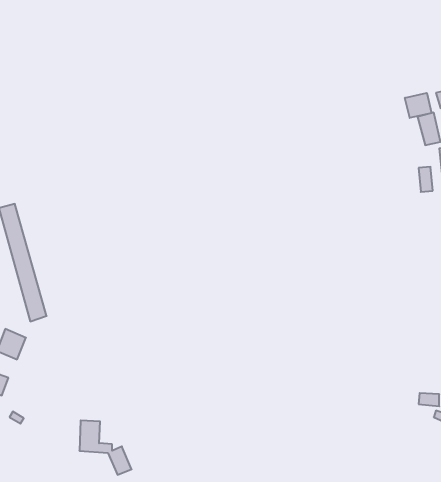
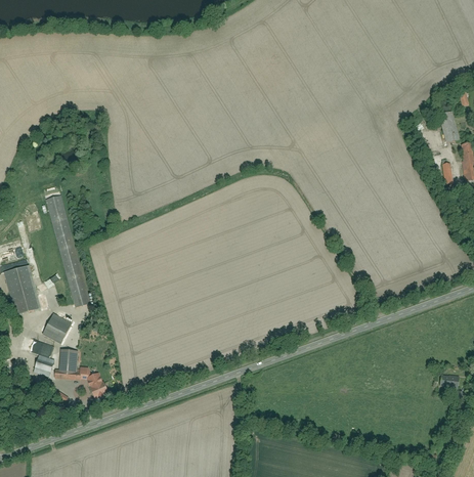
building: [405,93,432,118] -> none
building: [79,420,132,475] -> [59,347,109,398]

